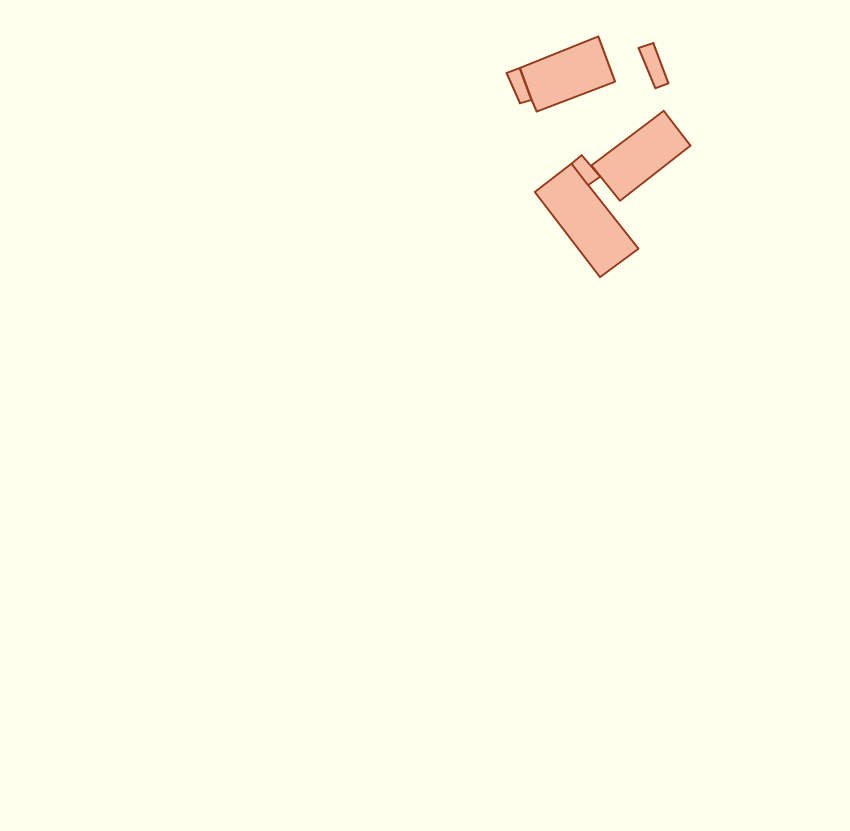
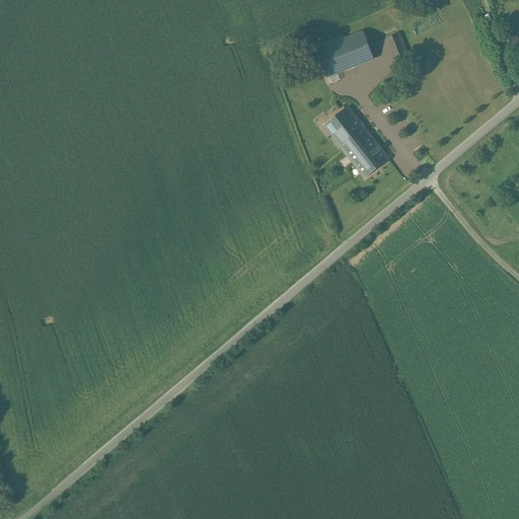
building: [592,111,691,201] -> none

